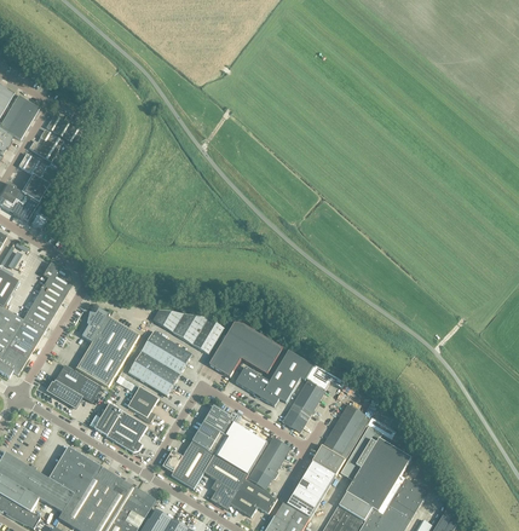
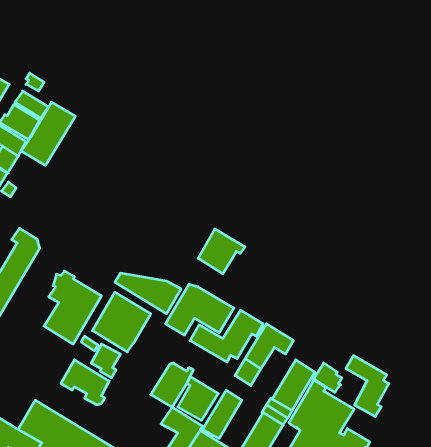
building: none -> [22,102,75,165]
building: none -> [198,229,245,274]
building: [48,365,100,406] -> none
building: none -> [346,356,389,417]
building: [163,441,214,490] -> none

